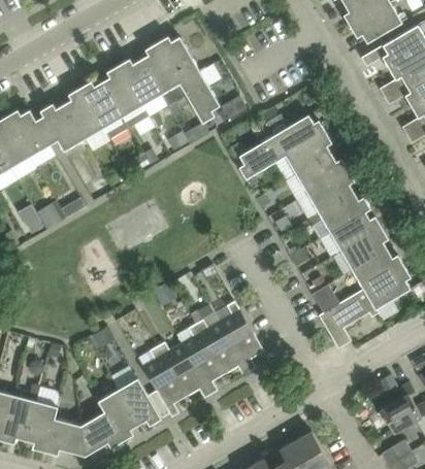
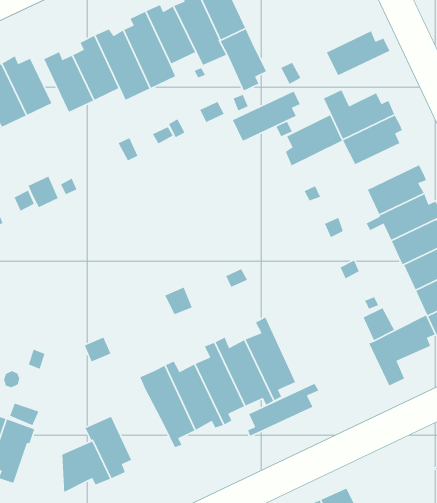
building: none -> [232,90,301,142]
building: [296,154,348,193] -> [326,30,390,76]
building: none -> [247,383,319,437]
building: [119,379,162,426] -> none
building: [45,418,86,456] -> none

